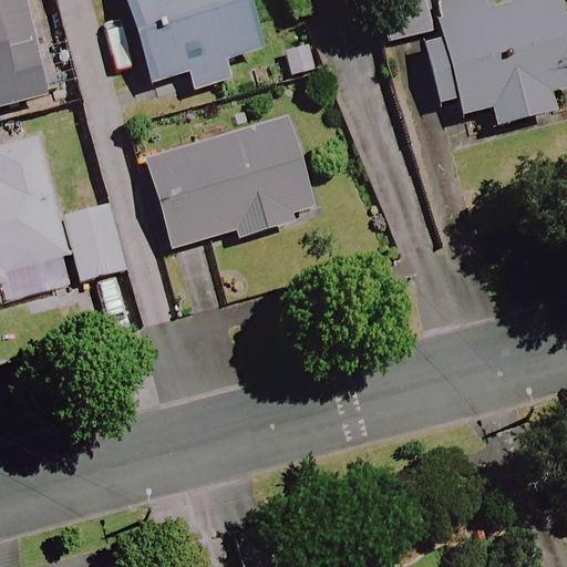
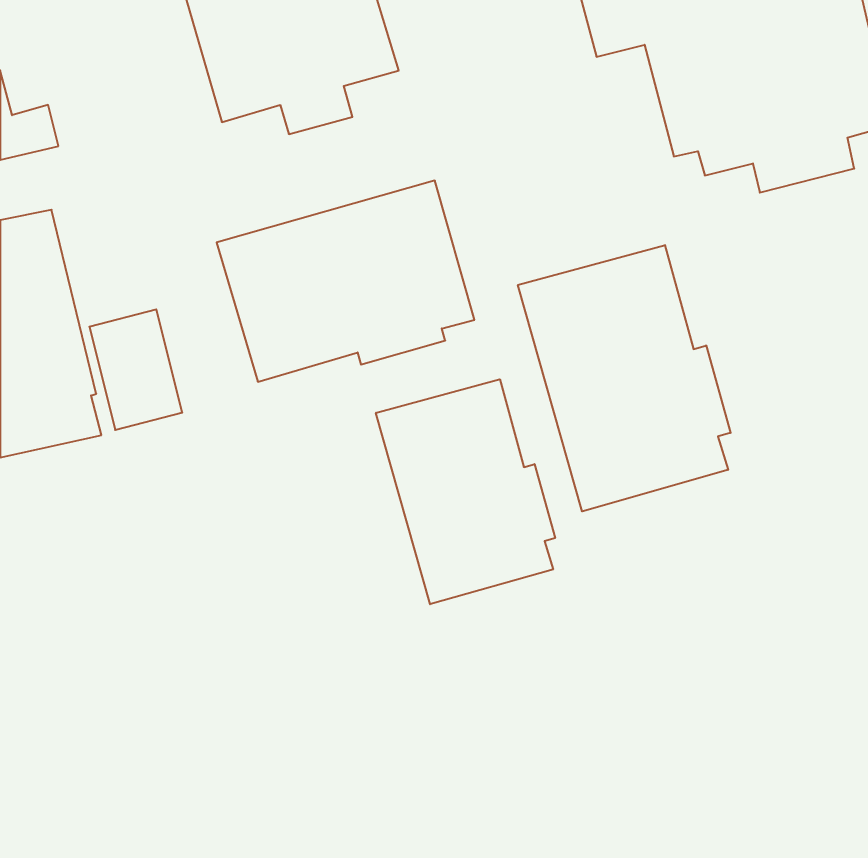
building: none -> [518,245,731,511]
building: none -> [376,379,555,604]

